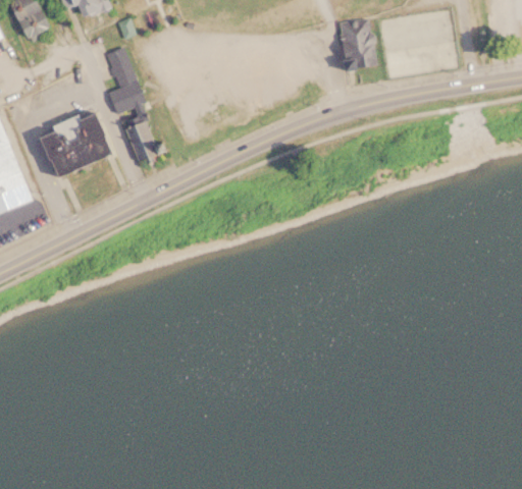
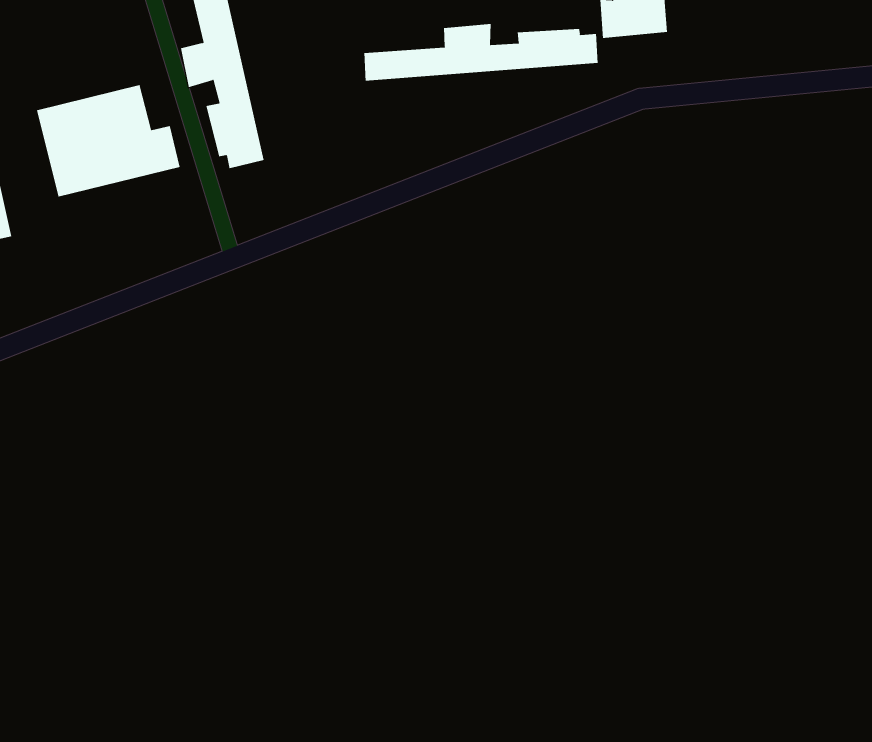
building: none -> [364,23,598,82]

